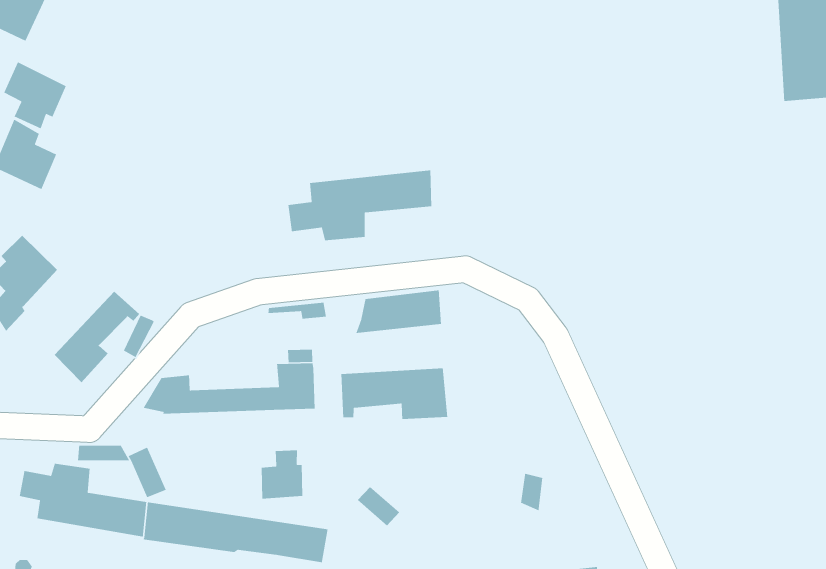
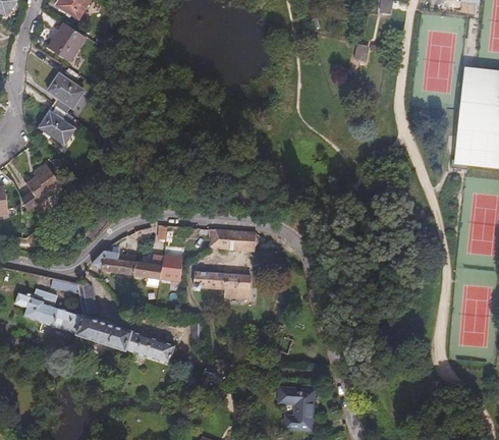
building: [287,170,432,241] -> none
building: [54,291,140,383] -> none
building: [261,450,303,500] -> none

